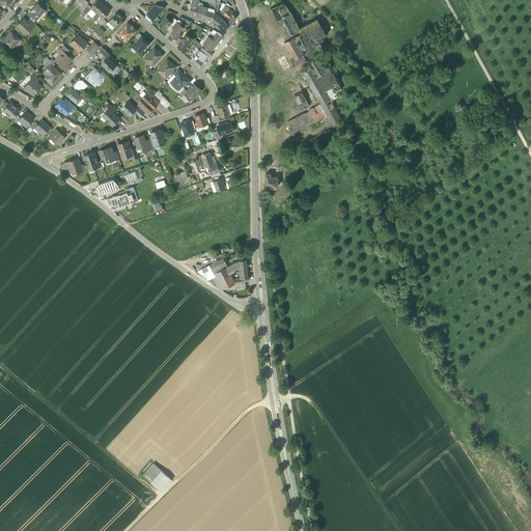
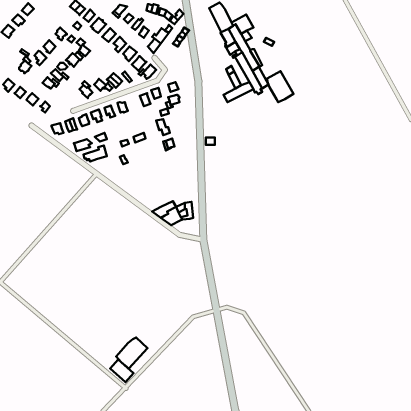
building: none -> [267,71,293,102]
building: none -> [116,338,147,369]

